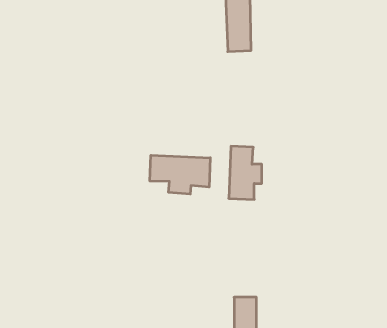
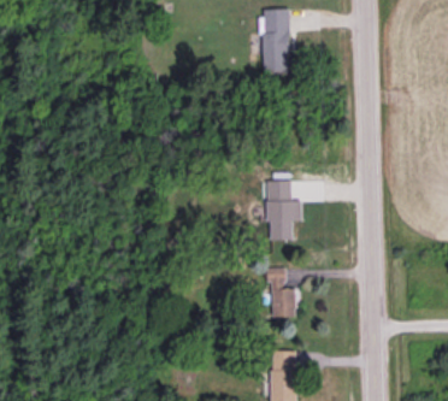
building: [150,155,210,194] -> none
building: none -> [269,269,297,318]

